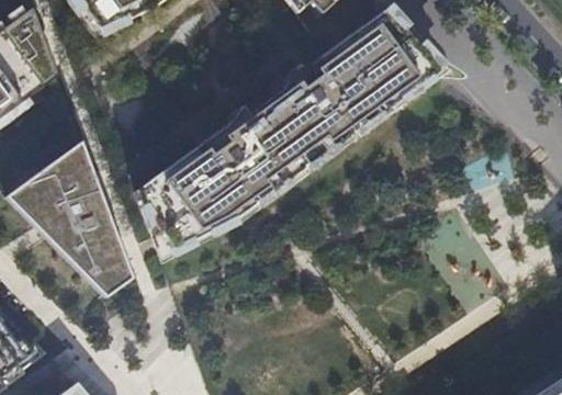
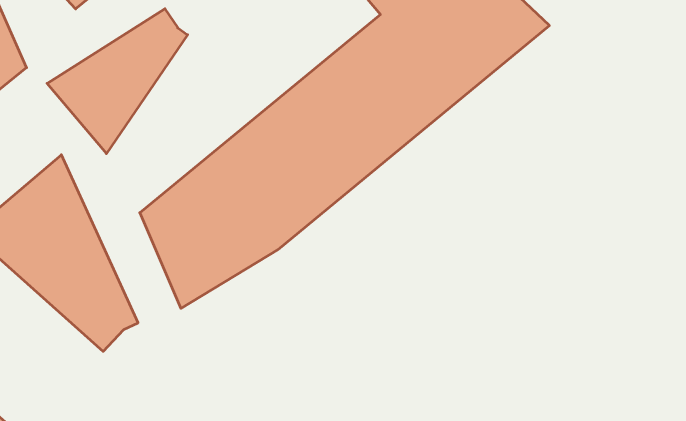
building: none -> [47,9,188,154]

